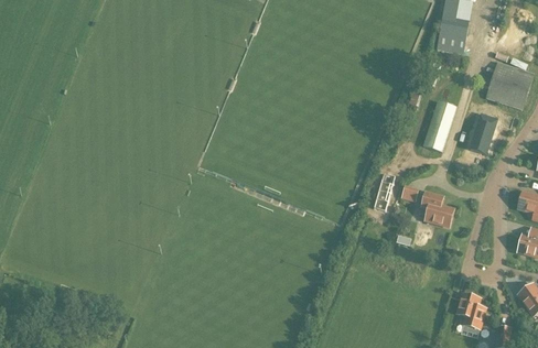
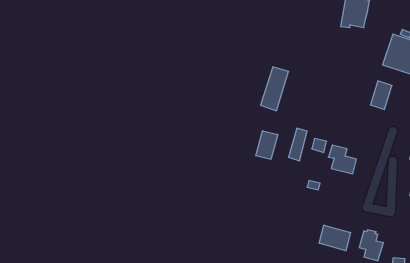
building: [423,100,456,152] -> [261,67,289,111]
building: none -> [256,131,278,159]
building: none -> [319,225,351,251]

